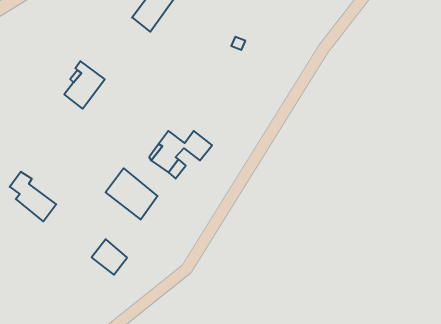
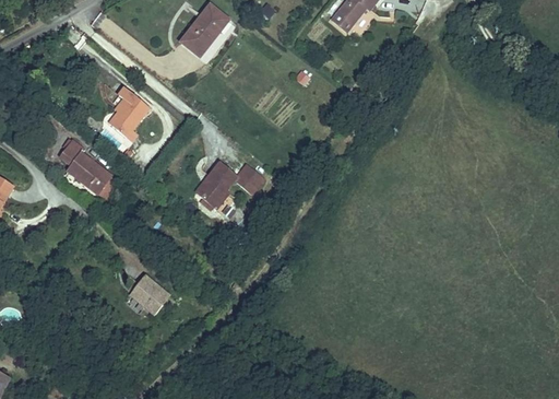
building: [106,168,158,220] -> none
building: [10,172,56,221] -> [64,146,115,200]

